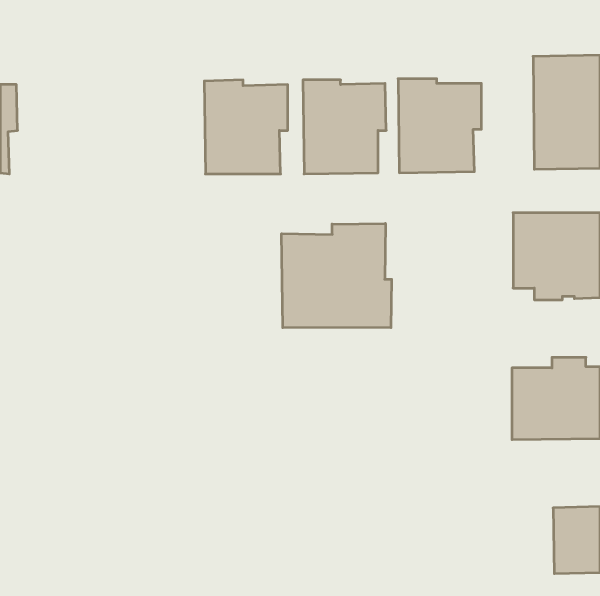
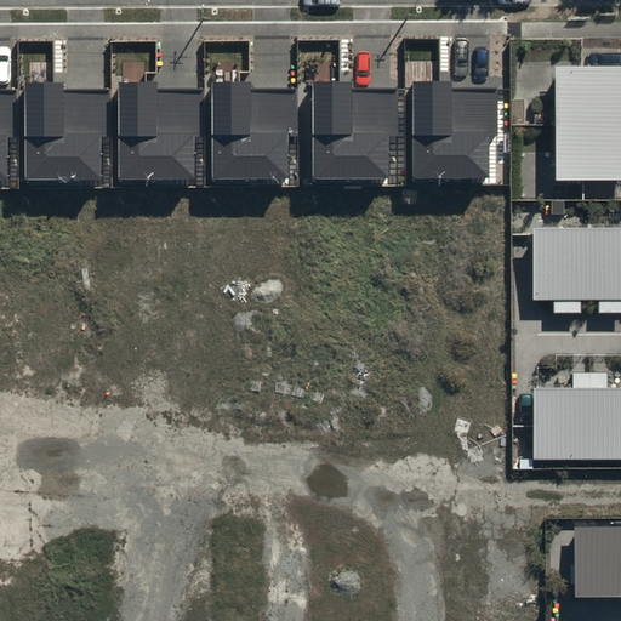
building: none -> [25,87,112,184]
building: none -> [119,89,205,184]
building: [282,223,392,328] -> none

